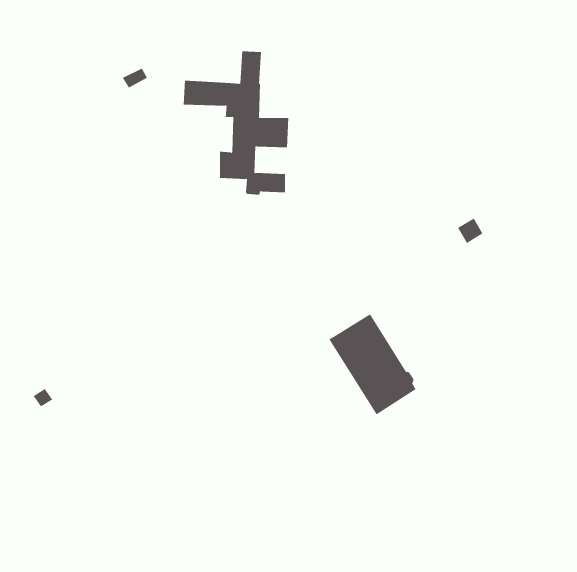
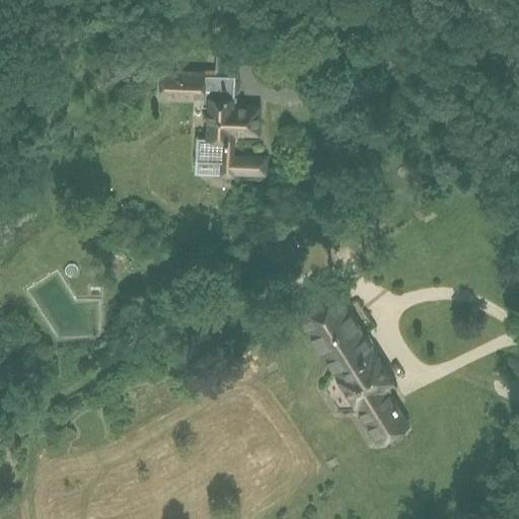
building: none -> [338,354,409,444]

